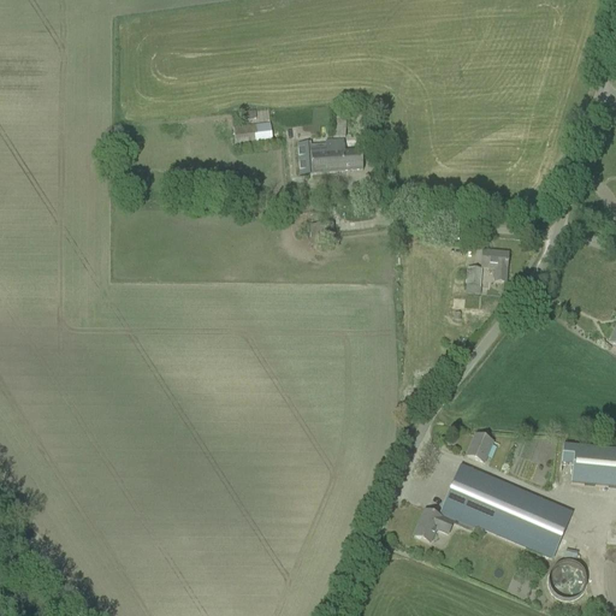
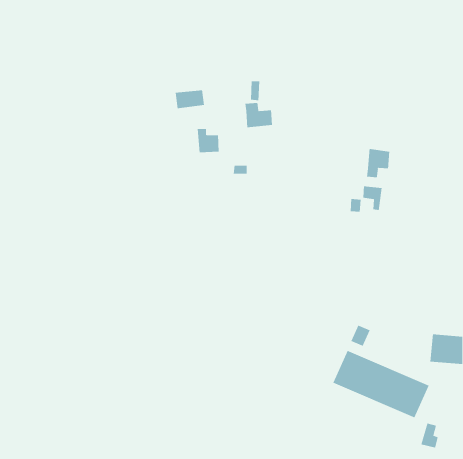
building: [297,138,327,171] -> [197,128,220,153]
building: none -> [366,148,390,178]
building: [413,507,452,539] -> none

